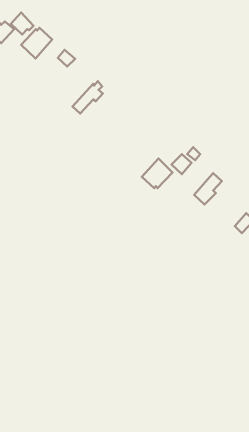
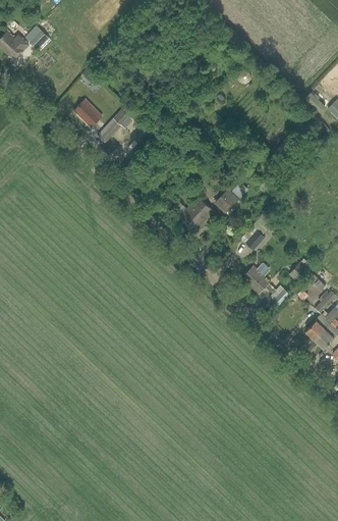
building: [21,28,52,58] -> none
building: none -> [76,100,102,128]
building: none -> [243,267,290,306]

